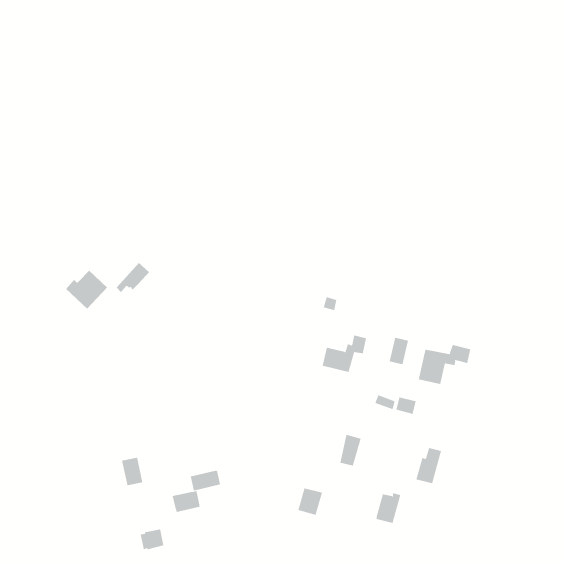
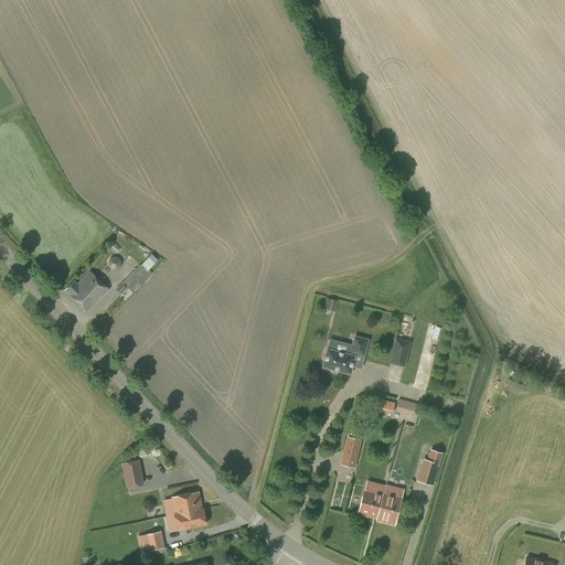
building: [418,344,471,385] -> none
building: [190,469,221,491] -> [174,507,205,529]
building: [297,488,323,516] -> [358,490,383,518]

